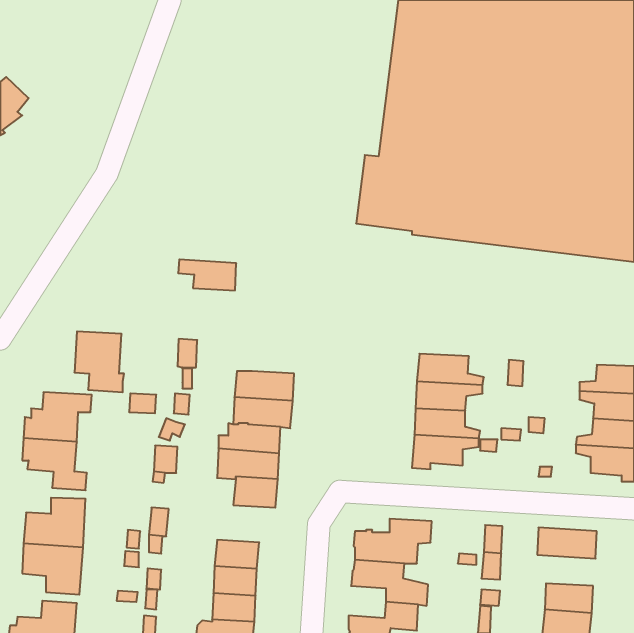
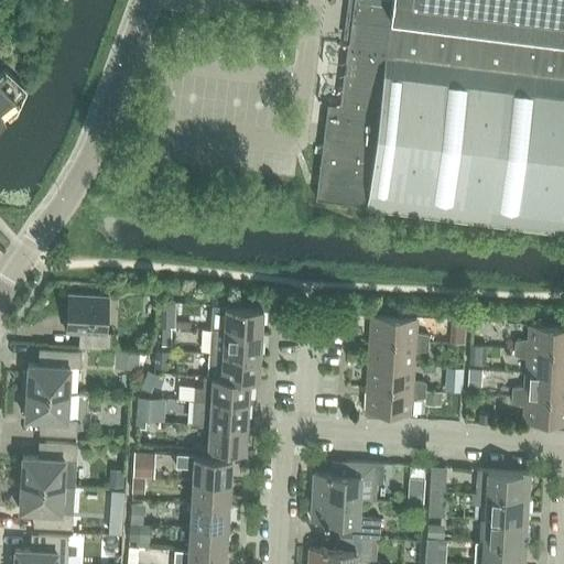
building: [178,259,236,290] -> [210,305,262,333]
building: none -> [175,455,231,482]
building: none -> [473,494,529,521]

